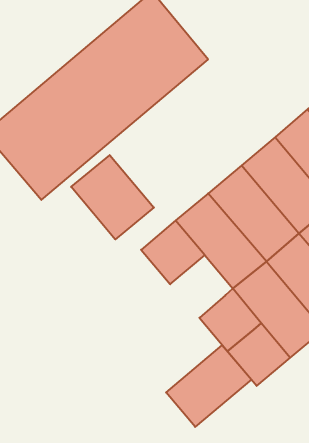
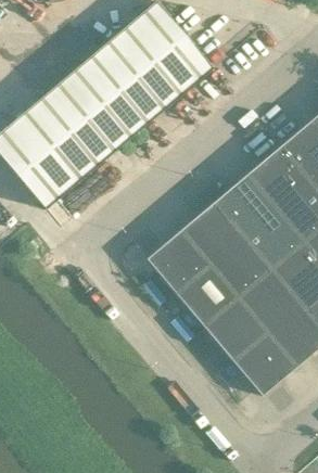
building: [71,155,154,239] -> none
building: none -> [175,264,238,327]
building: [166,345,251,427] -> none

